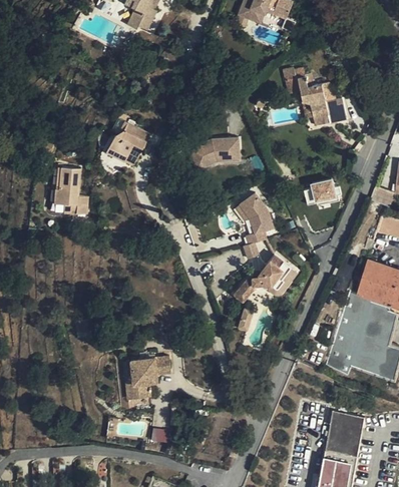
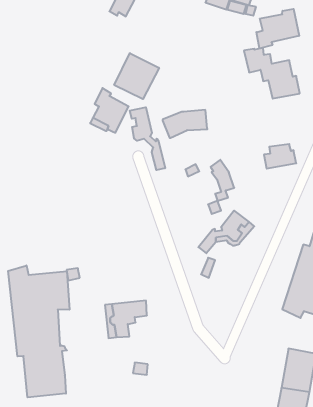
building: none -> [256,9,299,48]
building: none -> [114,53,159,99]
building: none -> [130,107,165,170]
building: [53,168,87,215] -> none
building: none -> [8,265,69,397]

